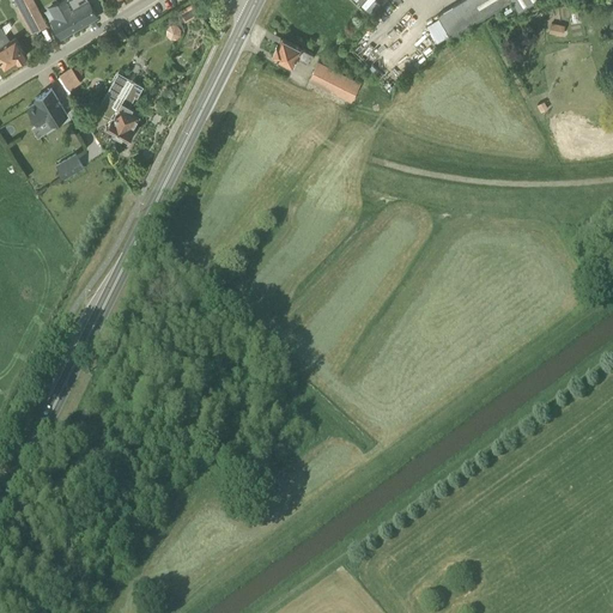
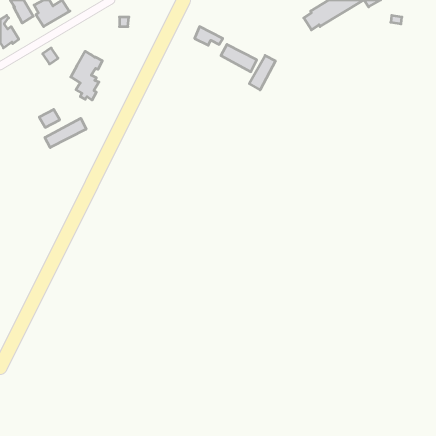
building: none -> [249,55,275,90]
building: [28,89,67,126] -> none
building: none -> [45,118,86,148]

